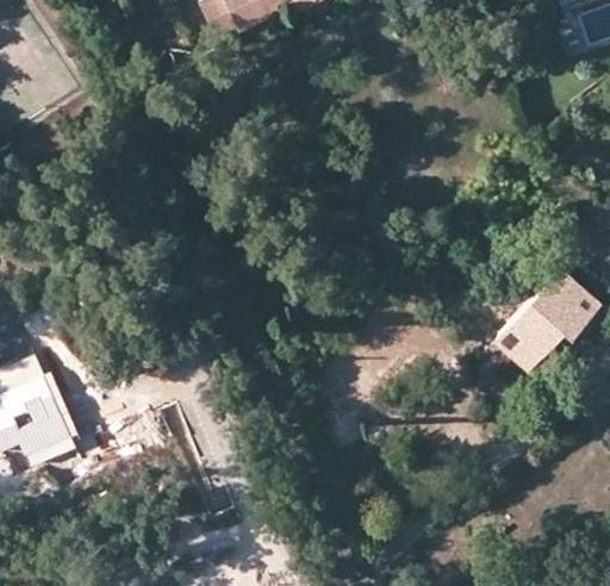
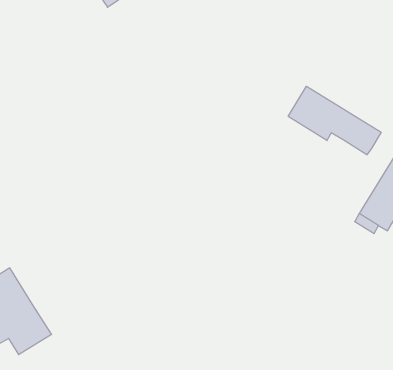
building: none -> [288,86,381,155]

